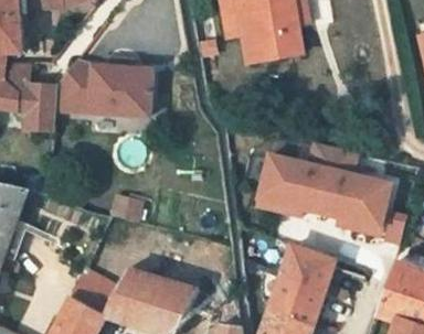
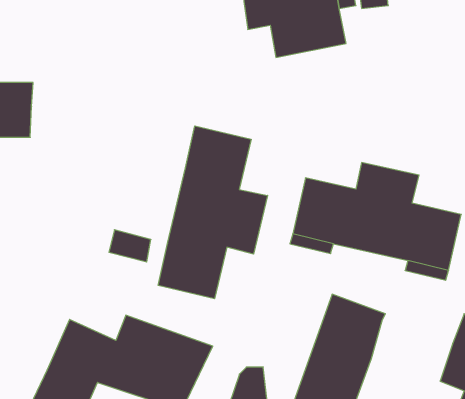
building: [54,58,151,112] -> none
building: none -> [158,126,268,299]

